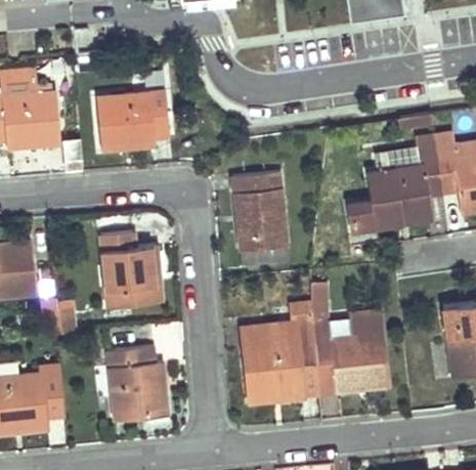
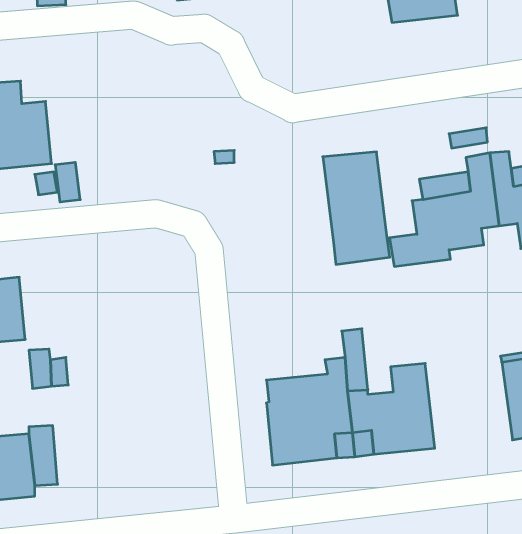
building: [95,91,170,151] -> none
building: [232,172,290,268] -> [323,152,390,264]
building: [101,231,161,306] -> none
building: [106,345,169,427] -> none

